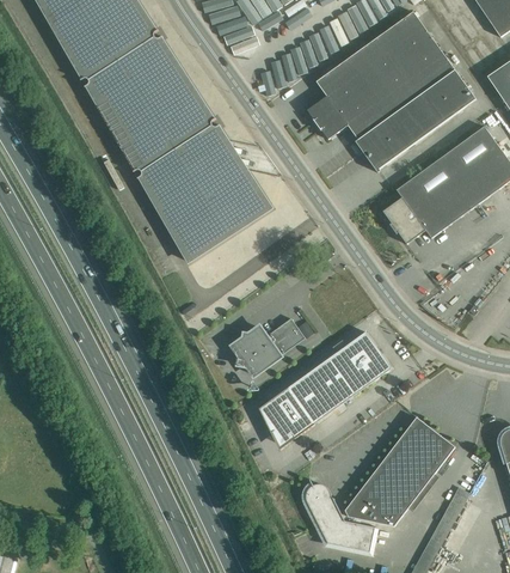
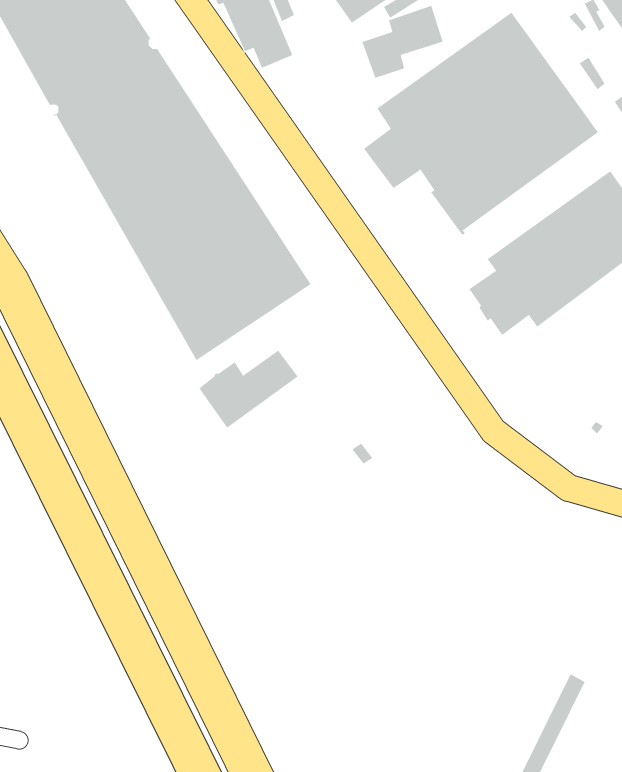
building: [233,318,305,374] -> [198,350,299,428]
building: [259,331,392,449] -> none
building: [306,416,455,551] -> none

